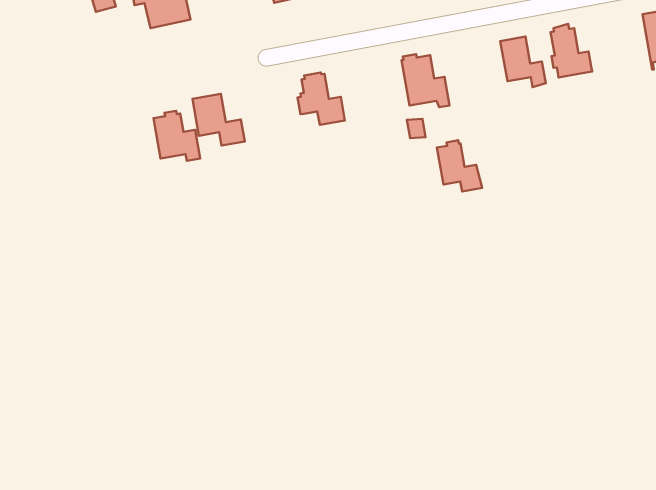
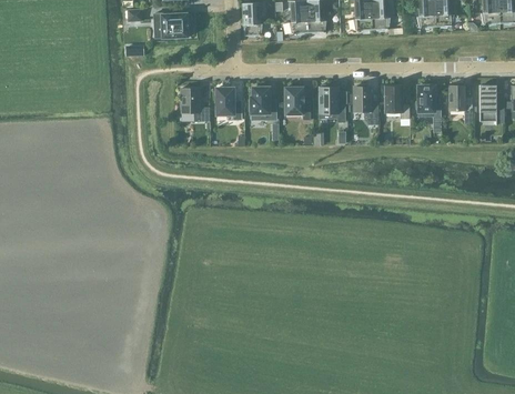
building: none -> [448,85,471,112]
building: none -> [284,87,310,120]
building: [153,111,200,161] -> [215,85,241,119]
building: [437,140,482,192] -> [353,84,377,118]

